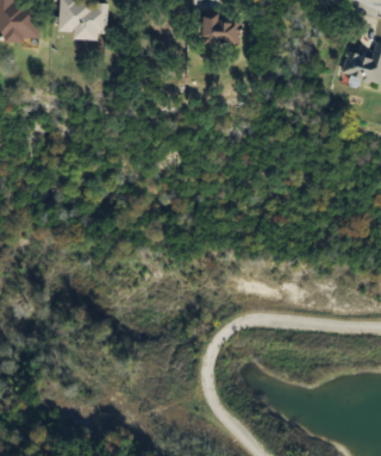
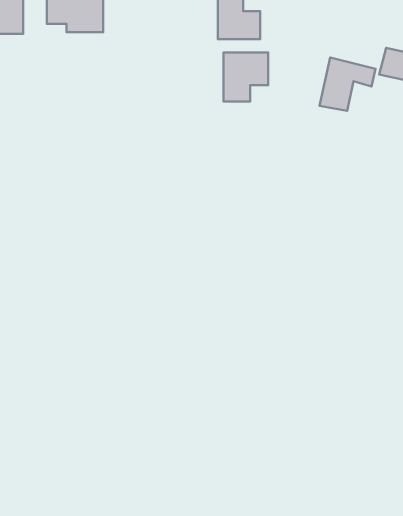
building: none -> [223,53,268,101]
building: none -> [320,57,375,111]

